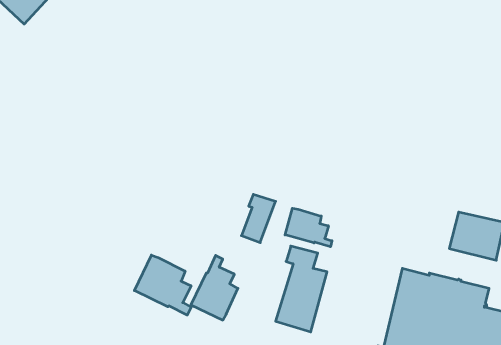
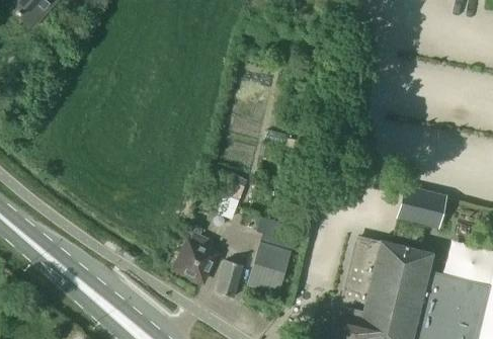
building: [285,208,332,247] -> none
building: [134,255,191,315] -> none
building: none -> [217,260,243,298]

